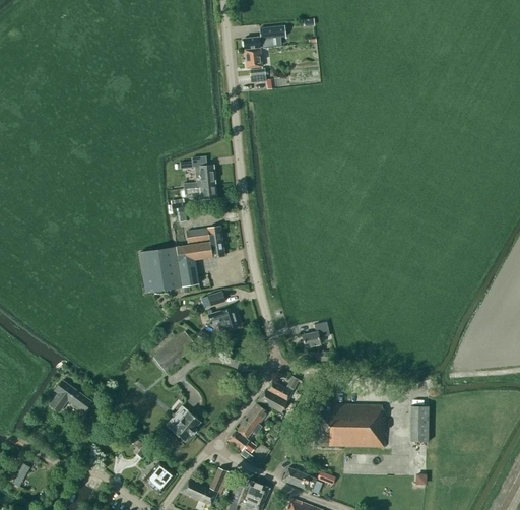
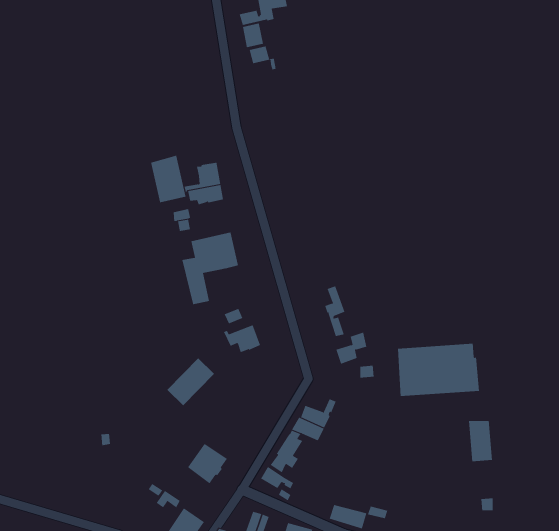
building: none -> [150,155,186,203]
building: [139,247,181,294] -> none
building: none -> [325,286,345,337]
building: [50,381,91,413] -> none
building: [315,404,384,447] -> [397,343,480,397]

